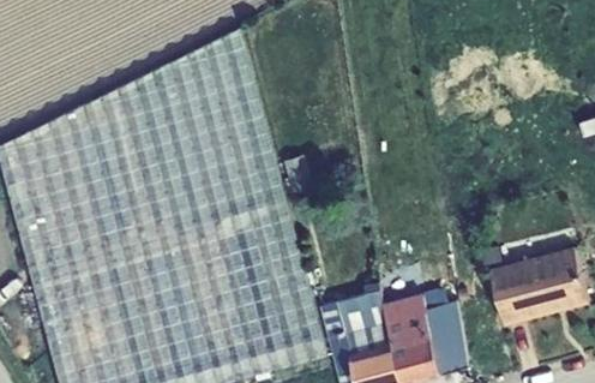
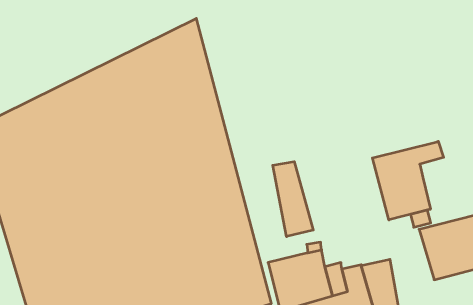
building: none -> [372,141,444,220]
building: none -> [273,162,313,237]

